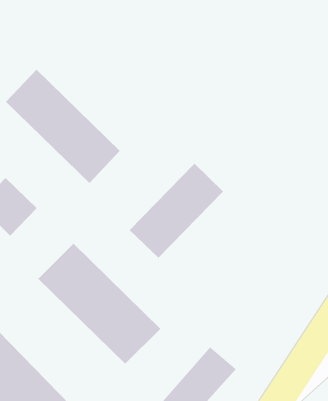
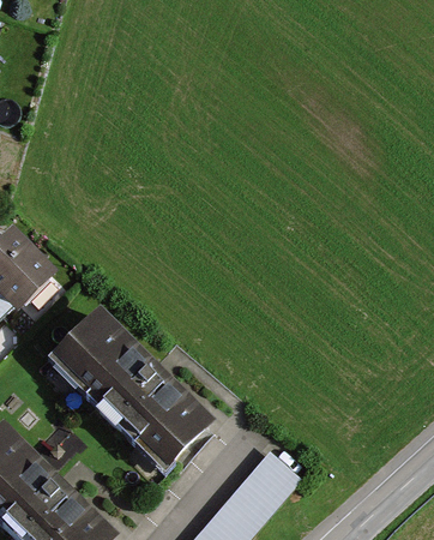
building: [5,69,121,184] -> none
building: [129,163,224,258] -> none

